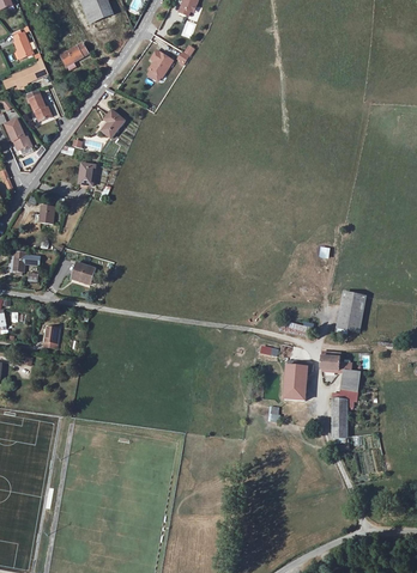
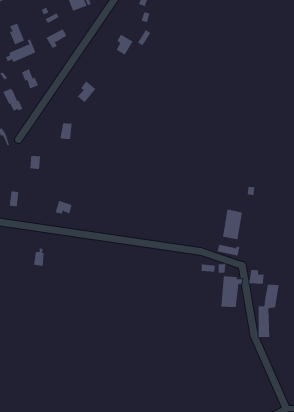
building: [338,291,364,330] -> [222,209,243,240]

